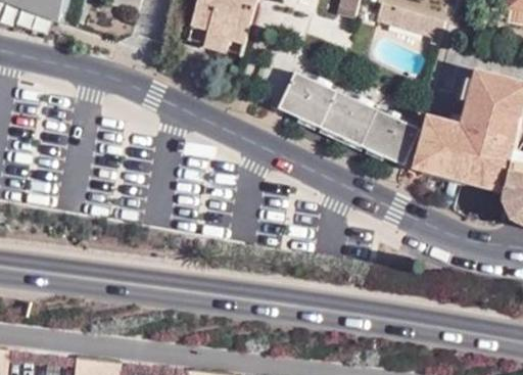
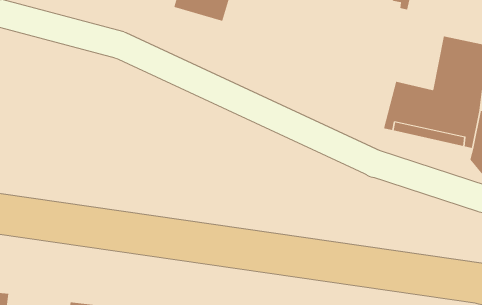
building: [279,73,419,163] -> none

